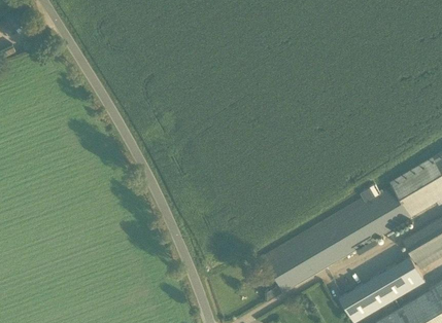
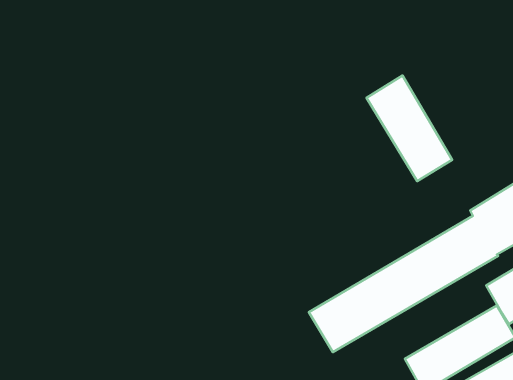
building: none -> [366,76,452,181]

